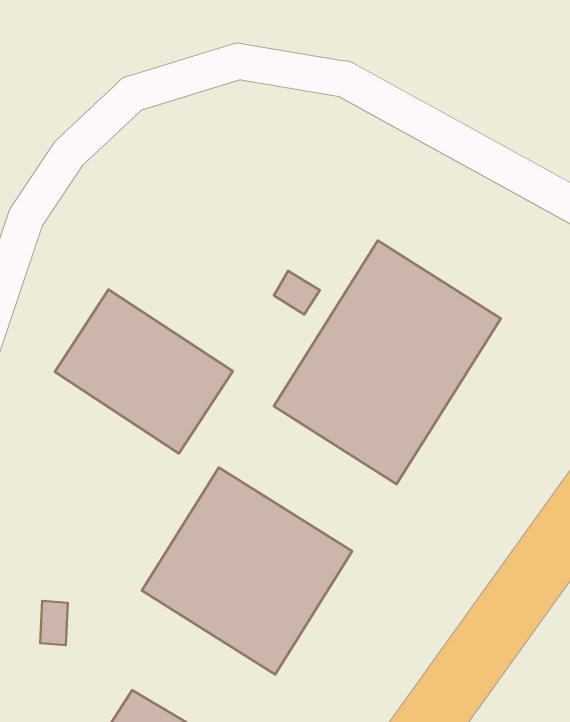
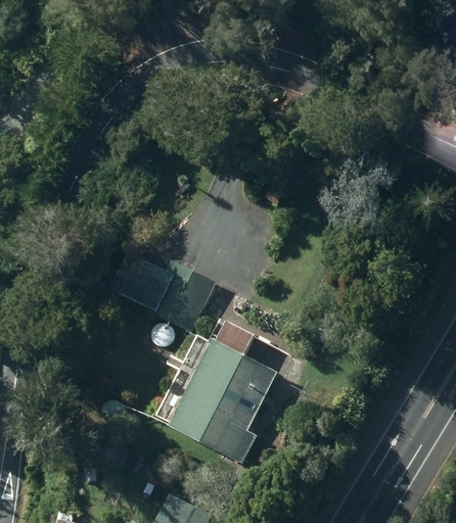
building: [274,241,501,484] -> none

